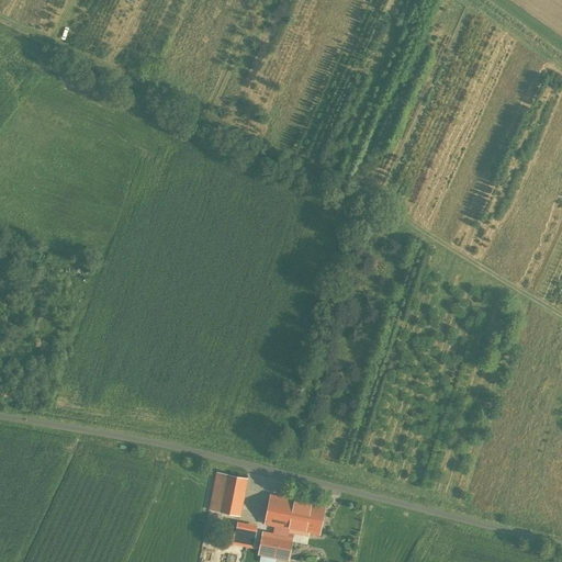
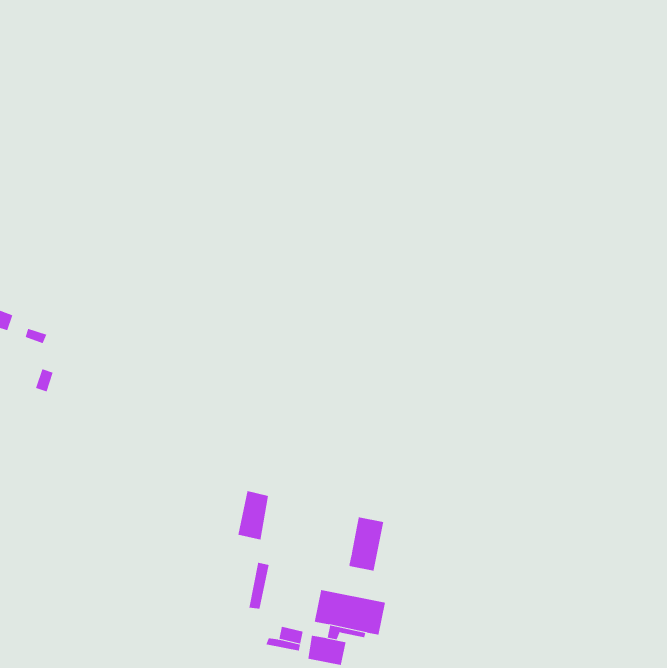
building: none -> [348,517,384,571]
building: [218,474,245,516] -> [238,491,269,540]

